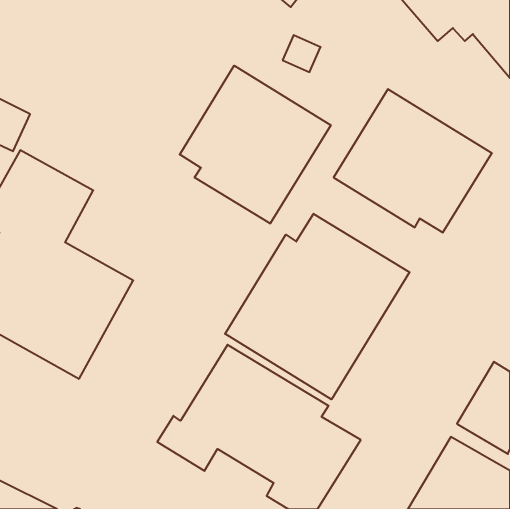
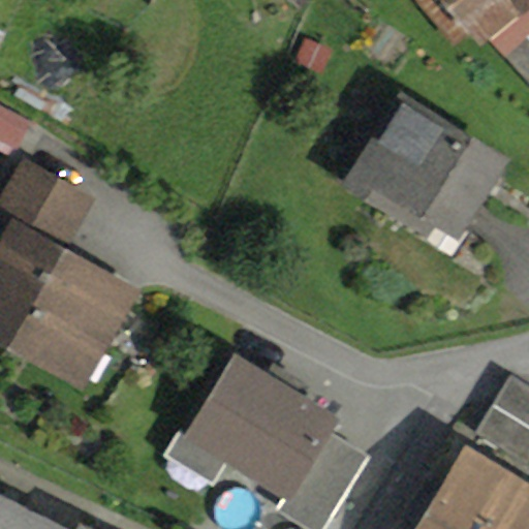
building: [180,66,331,224] -> none
building: [225,214,410,399] -> none

